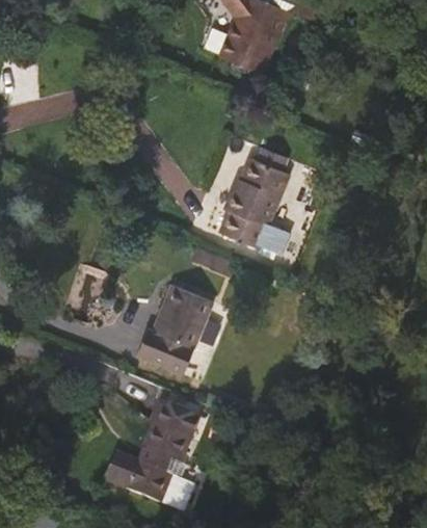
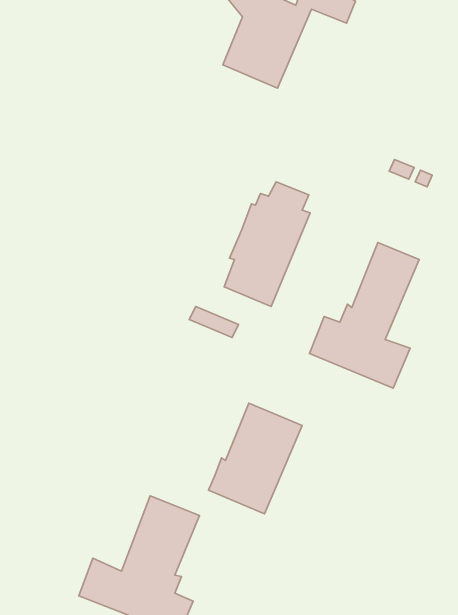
building: none -> [310,242,419,388]
building: [138,284,213,372] -> [209,403,302,514]

